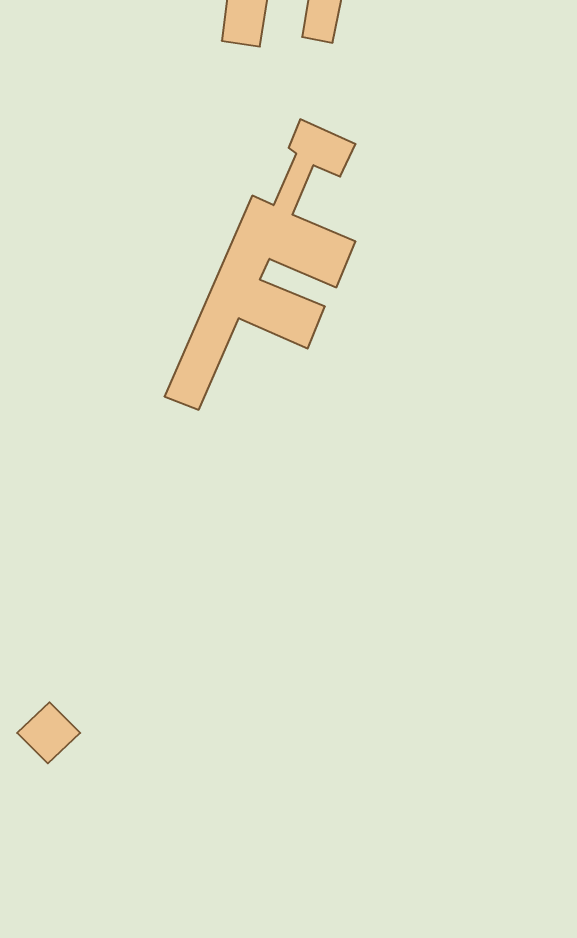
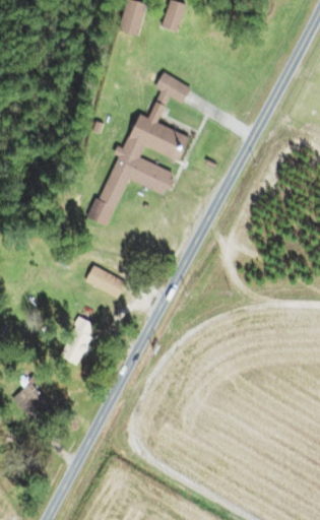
building: none -> [84,265,126,299]
building: none -> [62,317,95,361]

